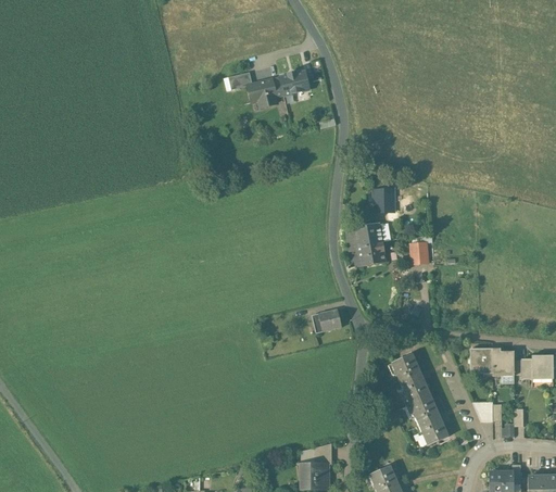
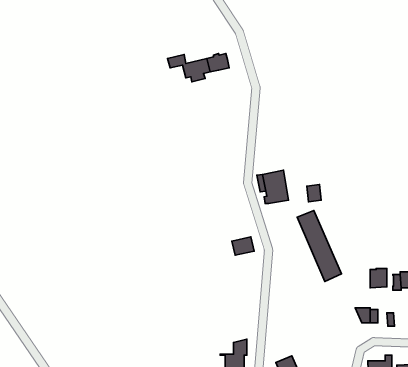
building: [372,189,393,212] -> none
building: [470,348,492,373] -> none
building: [391,353,448,445] -> [297,211,341,281]

